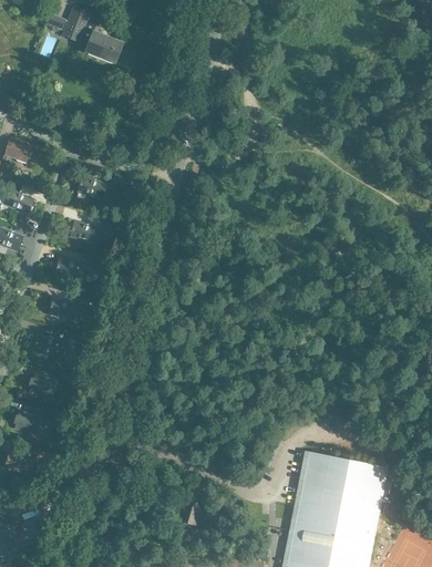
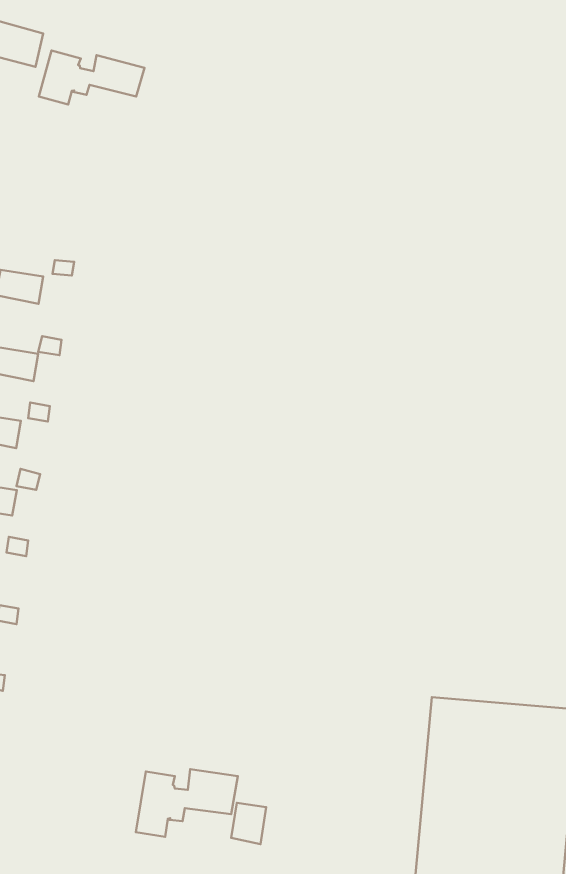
building: none -> [39,50,145,104]
building: none -> [136,769,238,837]

